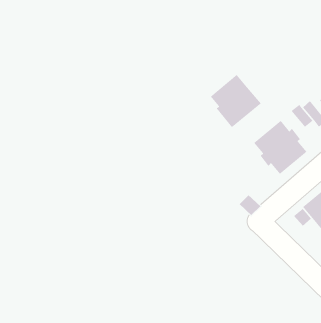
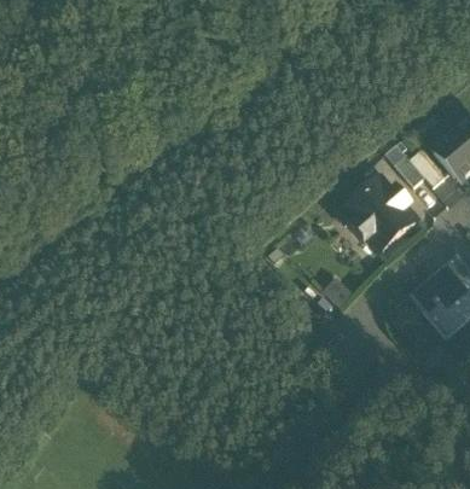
building: [210,74,262,128] -> none

